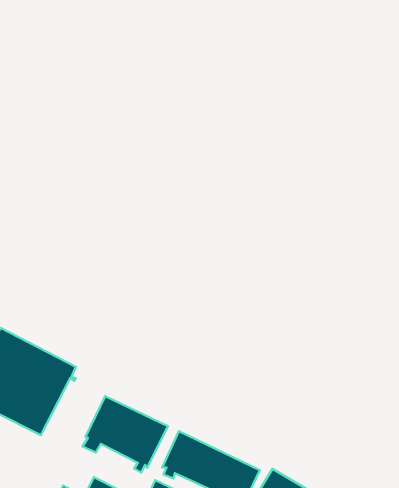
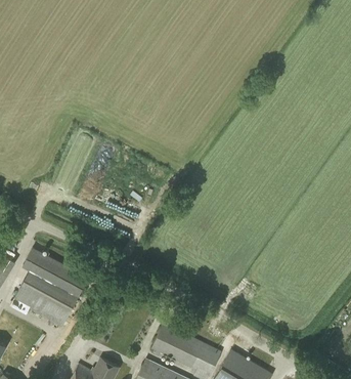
building: [83,396,168,473] -> none

